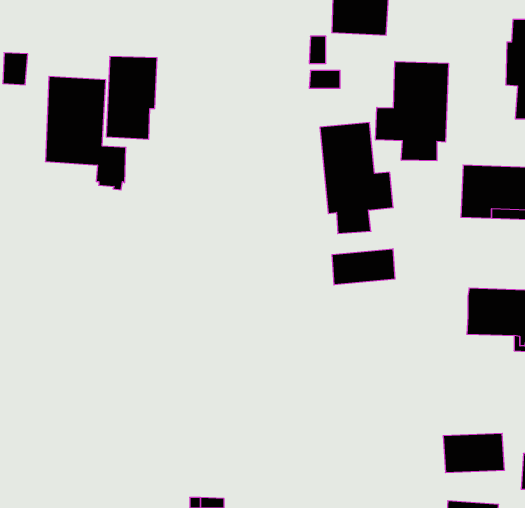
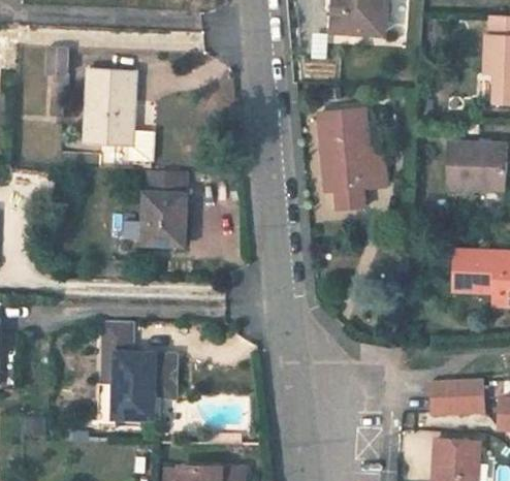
building: [106,57,157,139] -> [142,173,187,246]
building: [376,61,448,161] -> none
building: [332,249,395,285] -> none
building: none -> [98,322,176,428]

